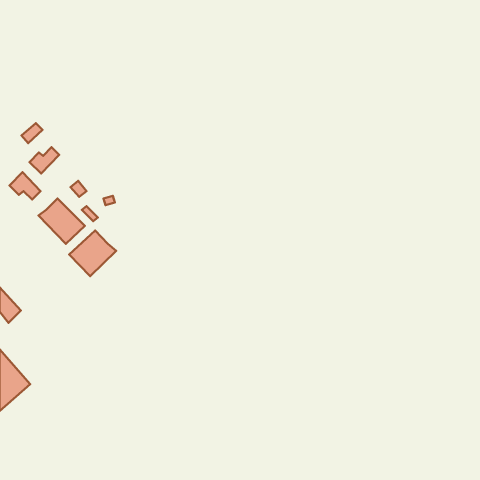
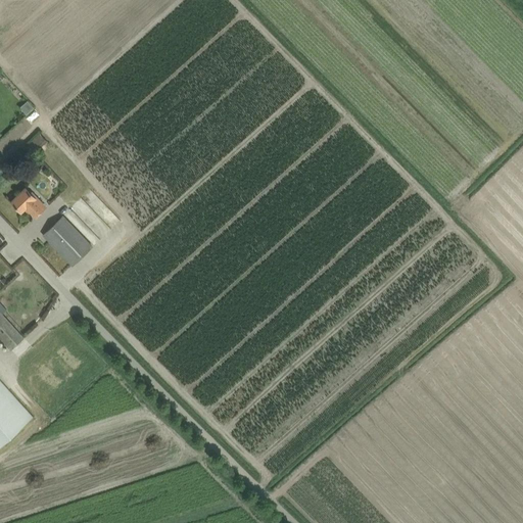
building: [30,147,59,174] -> none
building: [69,230,116,276] -> none

